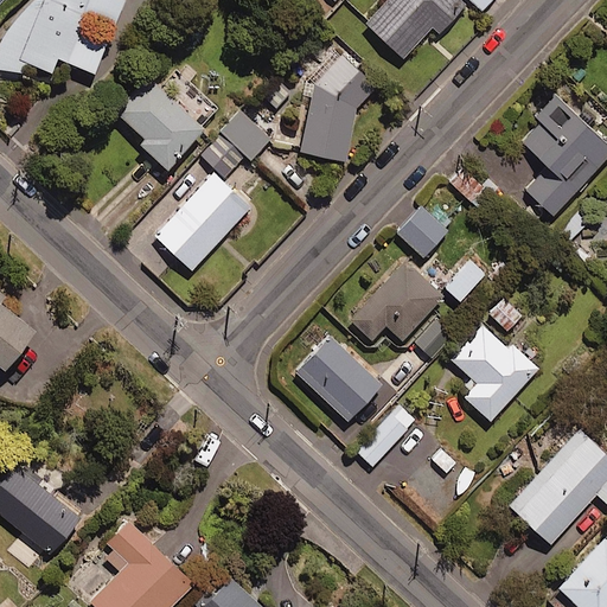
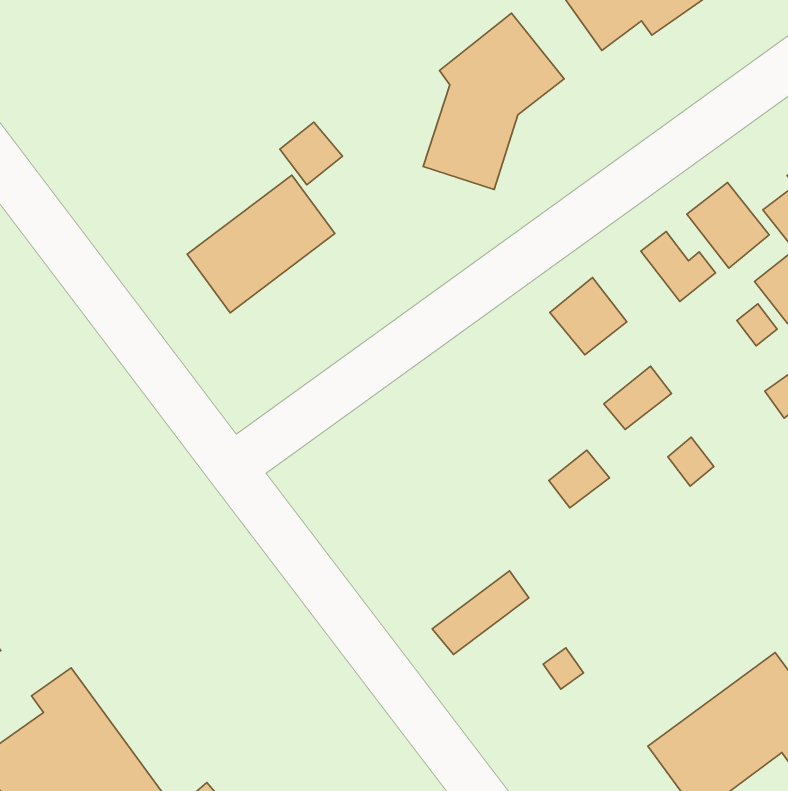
building: [114,76,205,168] -> none
building: [221,111,271,161] -> none
building: none -> [687,183,769,268]
building: [350,263,441,340] -> none
building: [452,326,548,421] -> none
building: [296,341,382,426] -> none

